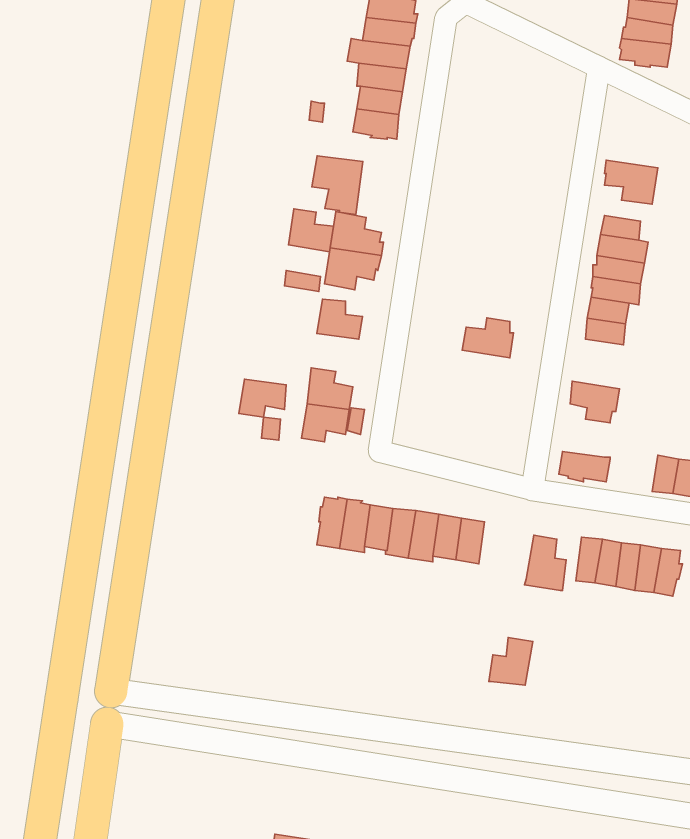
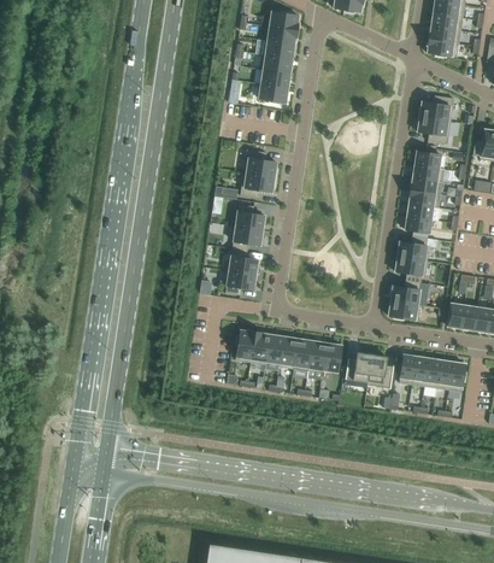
building: none -> [418,96,454,122]
building: [312,156,363,215] -> none
building: [289,209,334,252] -> none
building: [462,318,514,358] -> [396,236,429,262]
building: [239,379,286,417] -> [231,227,261,251]
building: none -> [390,281,429,306]
building: [489,638,533,685] -> [345,352,372,382]

